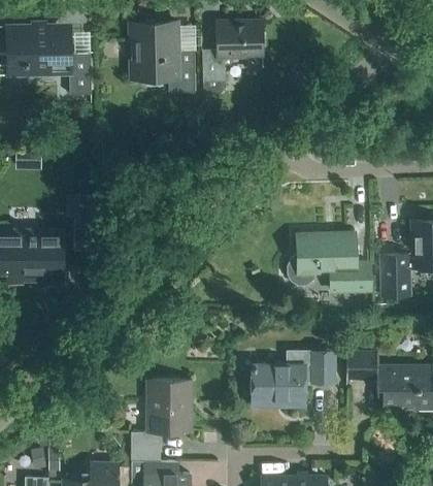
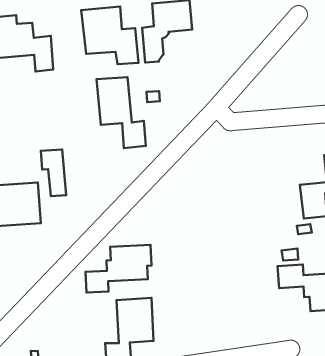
building: none -> [96,77,146,148]
building: [288,233,370,291] -> none
building: none -> [86,245,151,293]
building: [253,351,334,406] -> none

